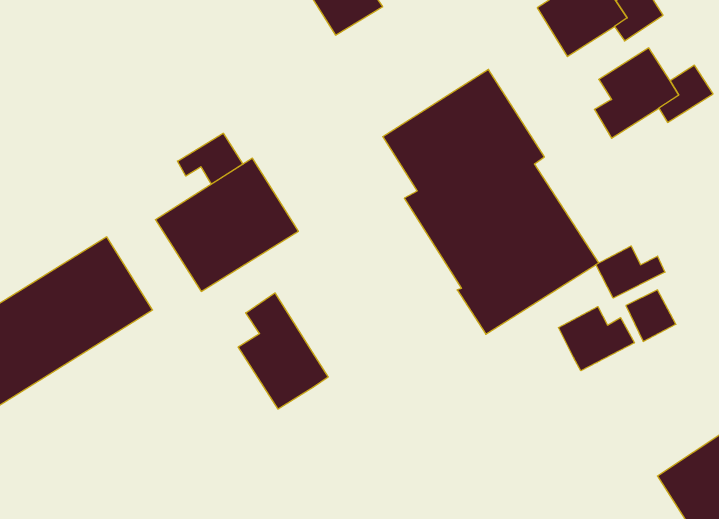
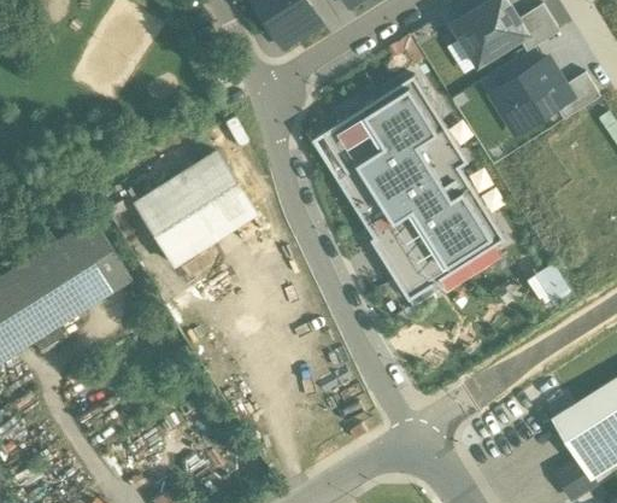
building: [177,133,243,184] -> none
building: [596,246,665,298] -> none
building: [238,293,328,409] -> none
building: [558,307,634,371] -> none

